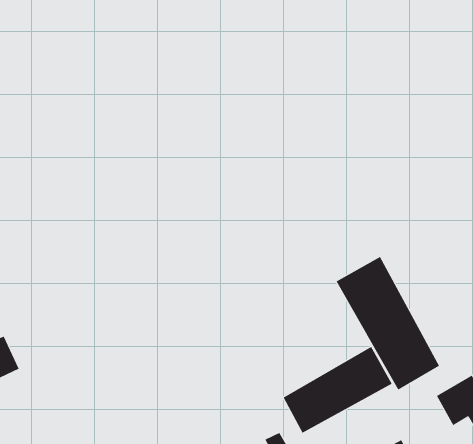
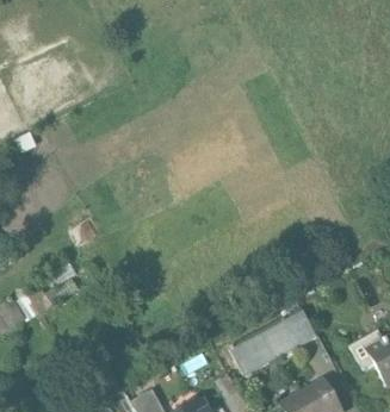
building: [336,256,440,390] -> none

